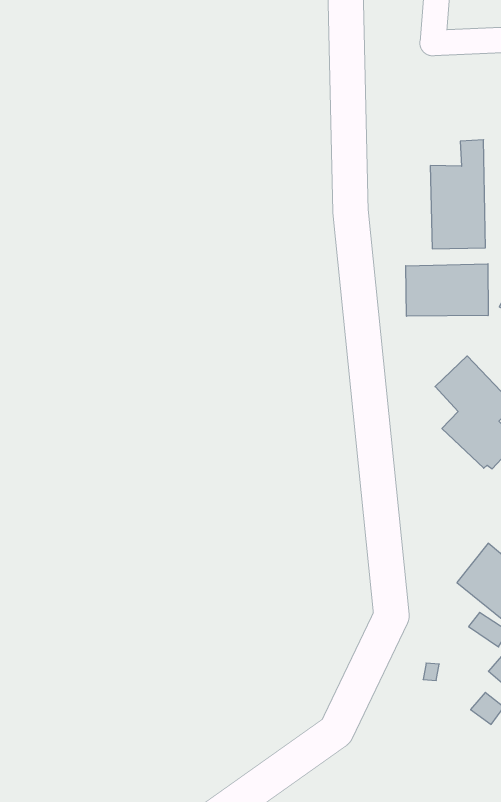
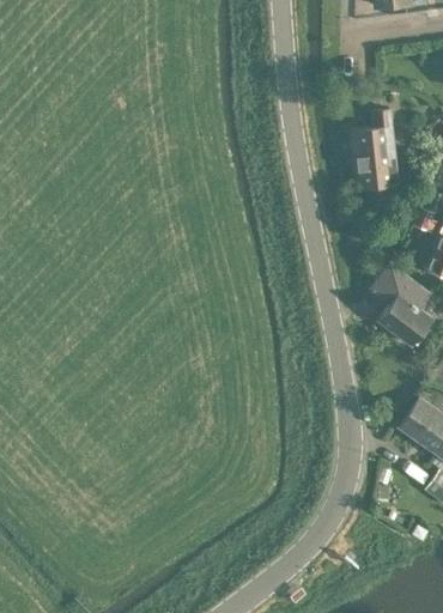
building: [406,264,488,316] -> none

